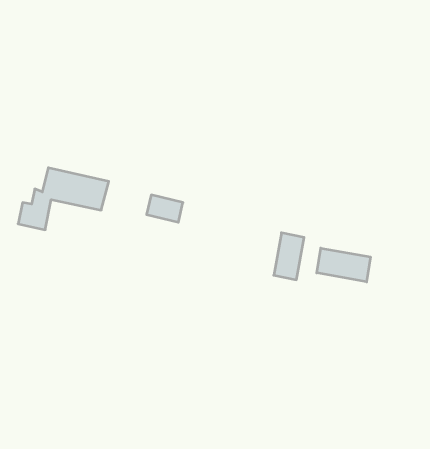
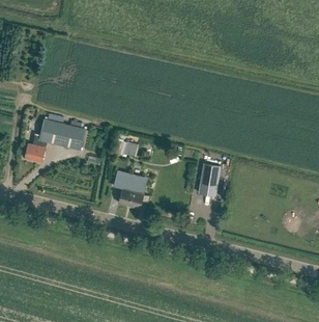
building: none -> [117,170,144,208]
building: [317,248,370,282] -> none

